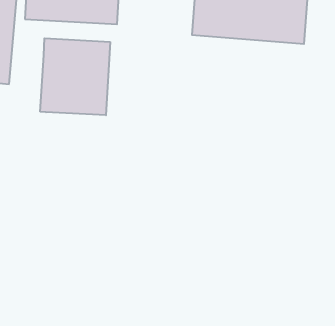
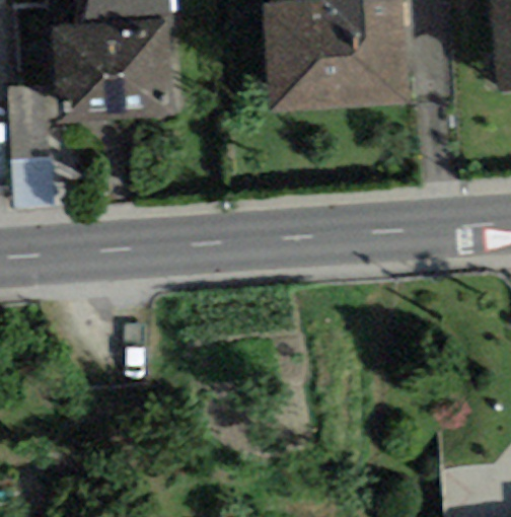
building: [40,38,110,115] -> none

